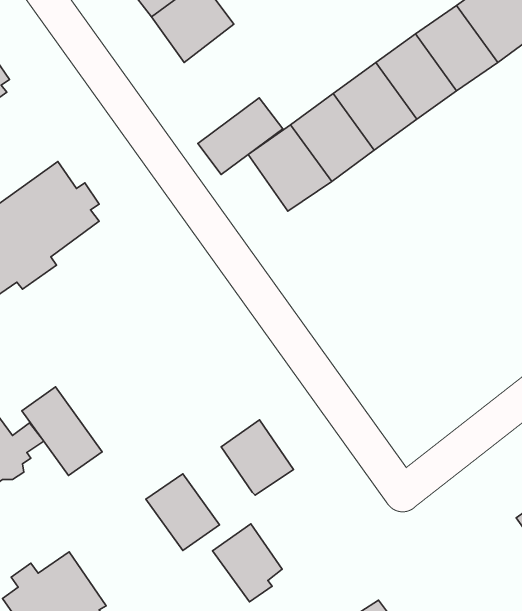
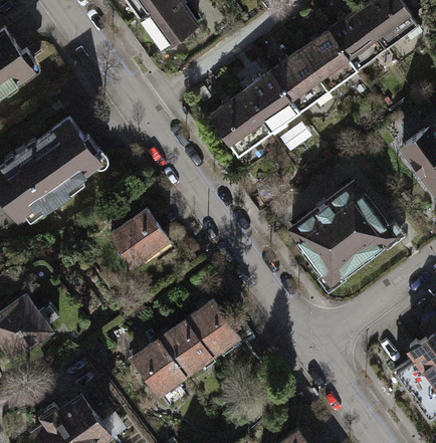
building: [198,98,283,175] -> none
building: none -> [293,184,395,282]
building: none -> [111,210,171,269]
building: [22,387,102,476] -> none
building: [213,524,282,602] -> [160,322,209,378]

